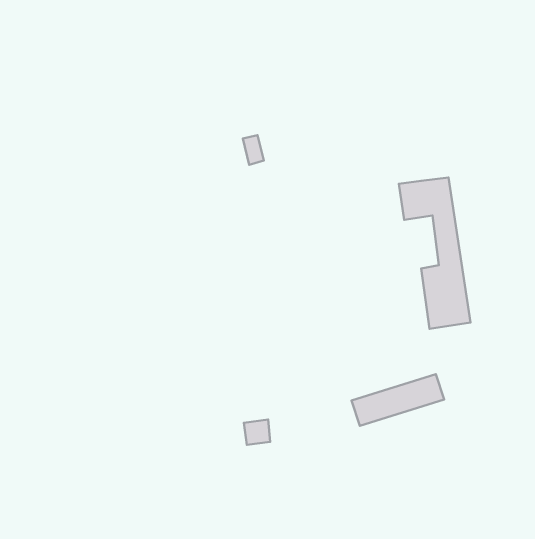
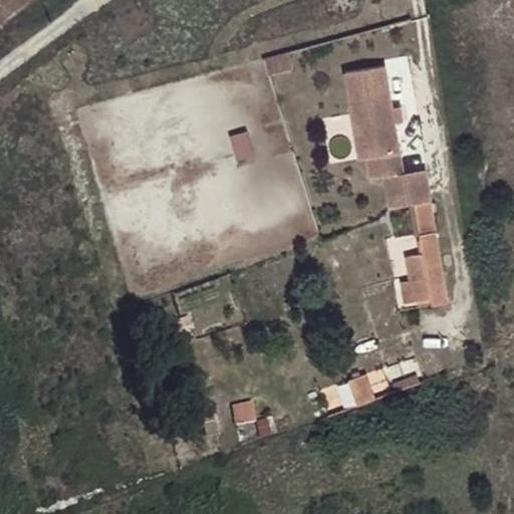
building: none -> [344,66,407,179]

